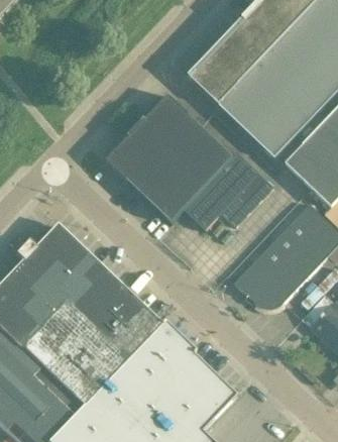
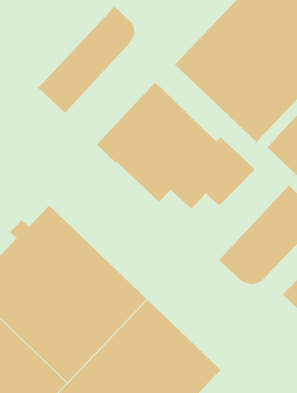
building: none -> [37,6,135,114]

